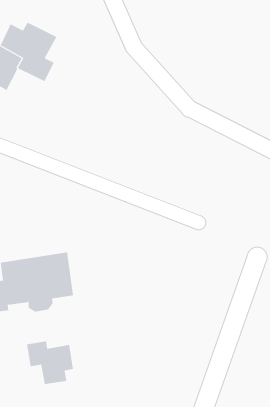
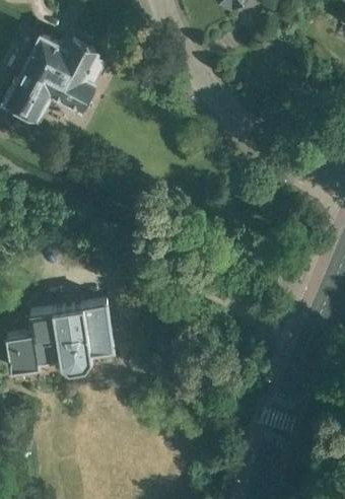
building: [27,341,73,385] -> none

